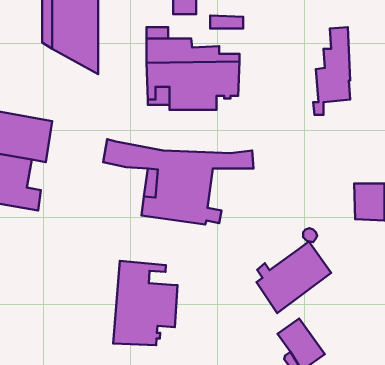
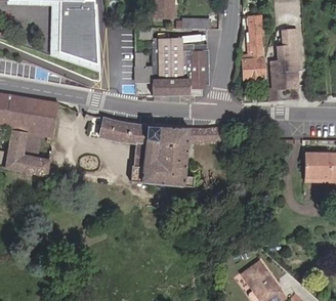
building: none -> [243,23,266,79]
building: [257,241,331,313] -> none
building: [113,261,177,345] -> none

